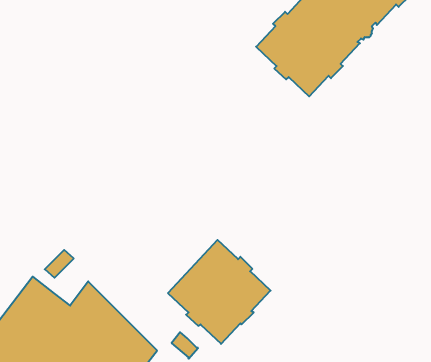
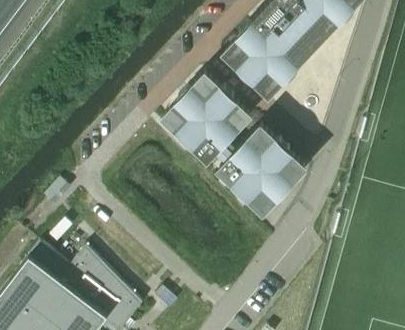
building: none -> [162,78,247,163]
building: [168,240,271,344] -> [218,130,303,216]

